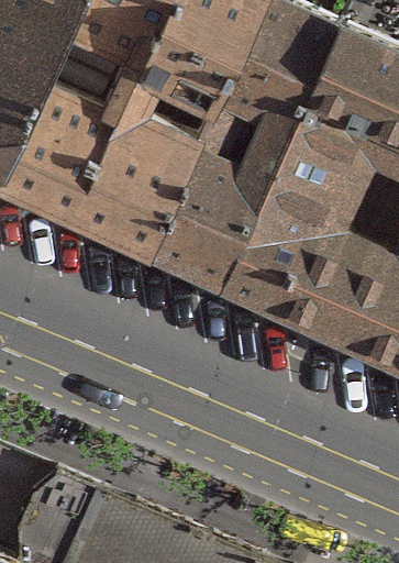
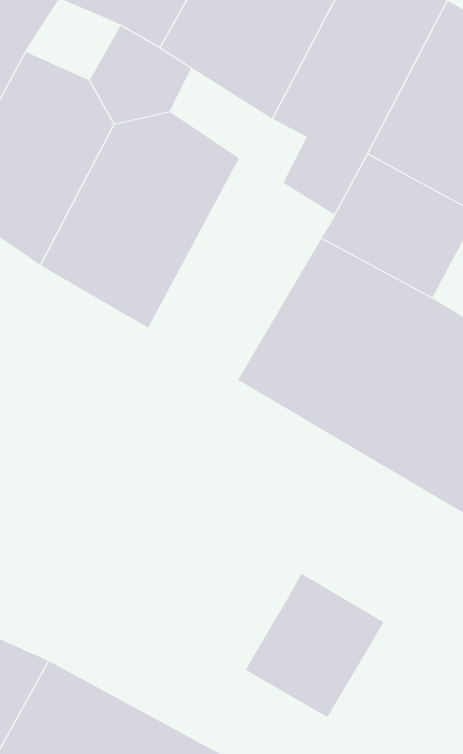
building: [146,140,266,291] -> none
building: none -> [245,573,385,718]

